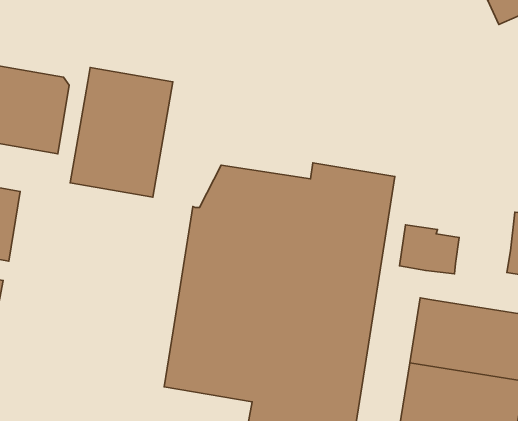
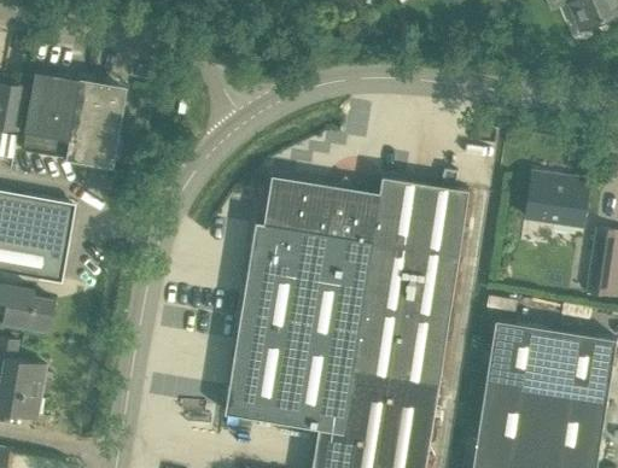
building: [70,67,173,197] -> none
building: [400,225,459,274] -> [524,175,587,227]

